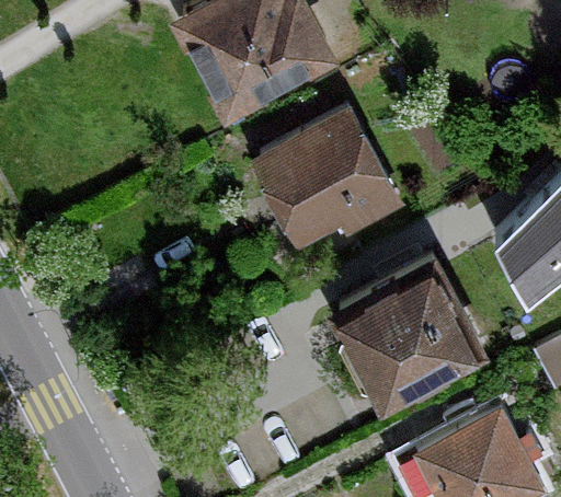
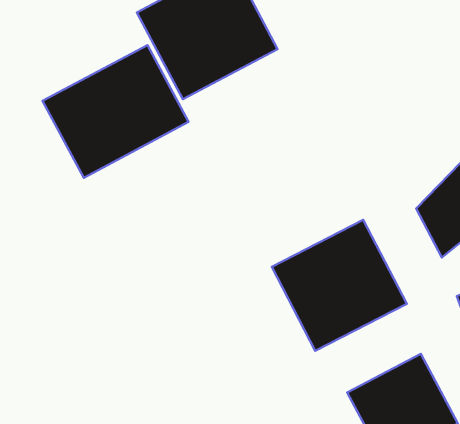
building: none -> [43,45,189,178]
building: [252,108,400,259] -> none

